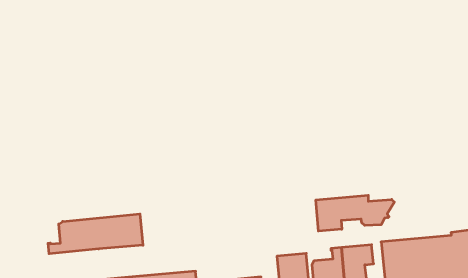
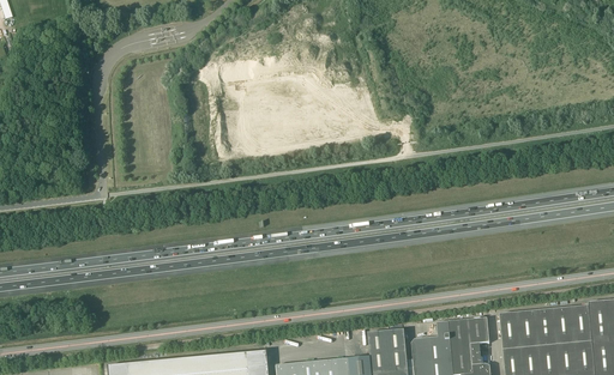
building: [316,195,394,231] -> none
building: [48,214,143,254] -> none

